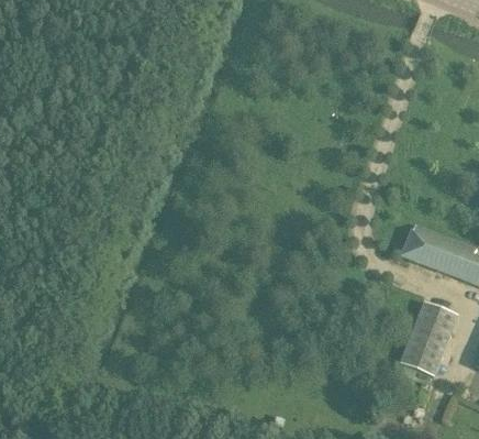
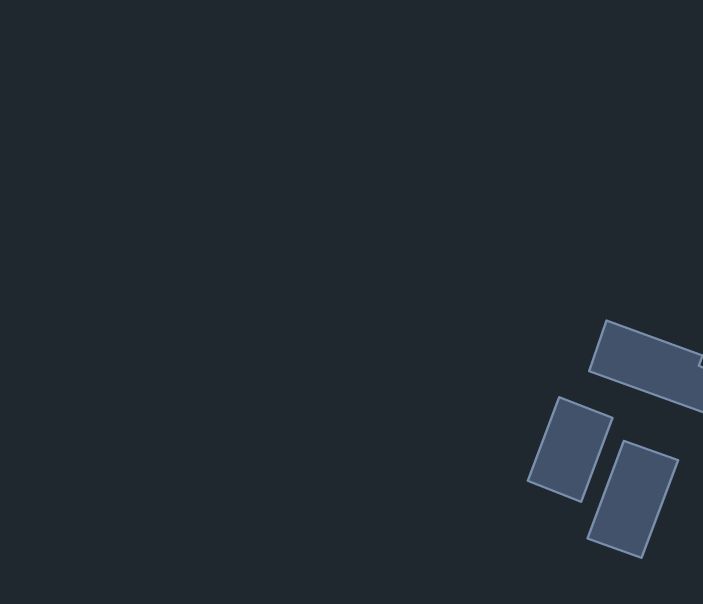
building: none -> [528,397,613,502]

